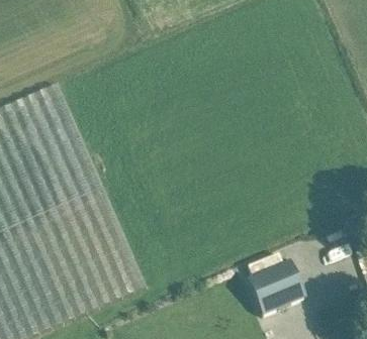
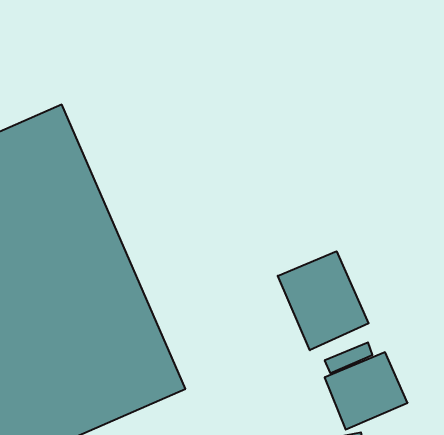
building: none -> [278,251,369,350]

